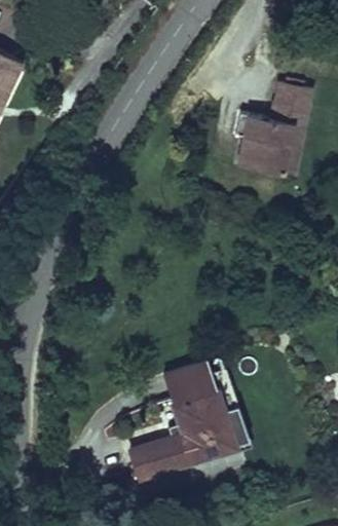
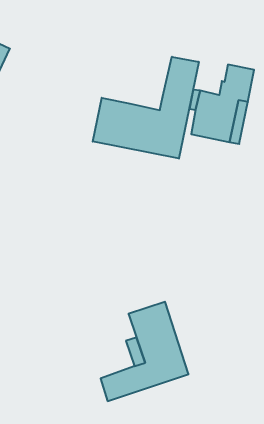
building: none -> [93,57,199,159]

